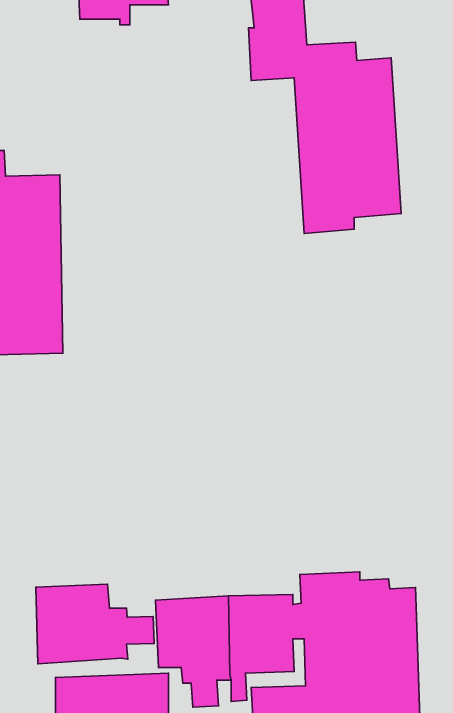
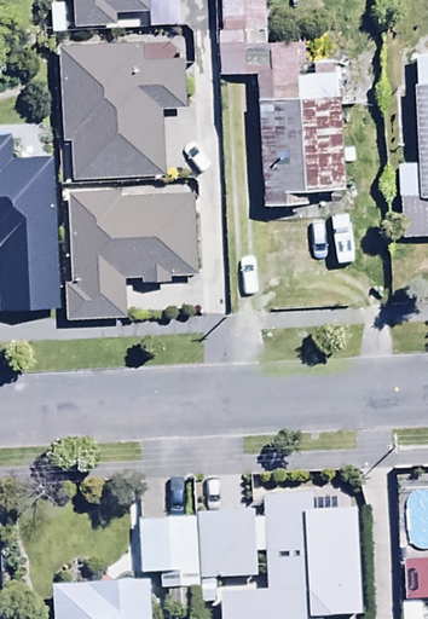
building: none -> [60,44,186,177]
building: none -> [64,189,196,322]
building: [36,584,154,664] -> none

